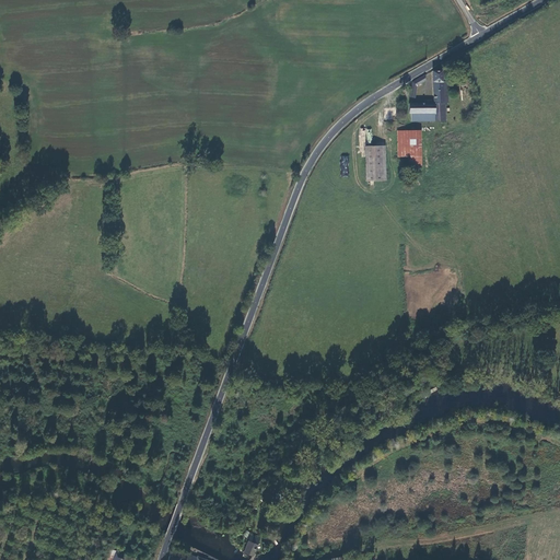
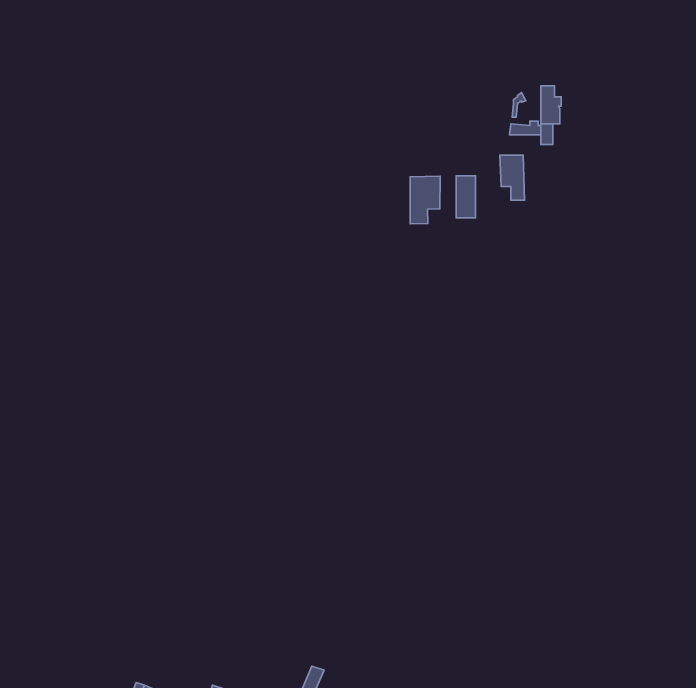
building: none -> [410,176,440,224]

